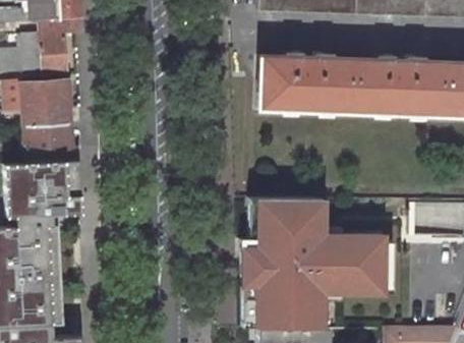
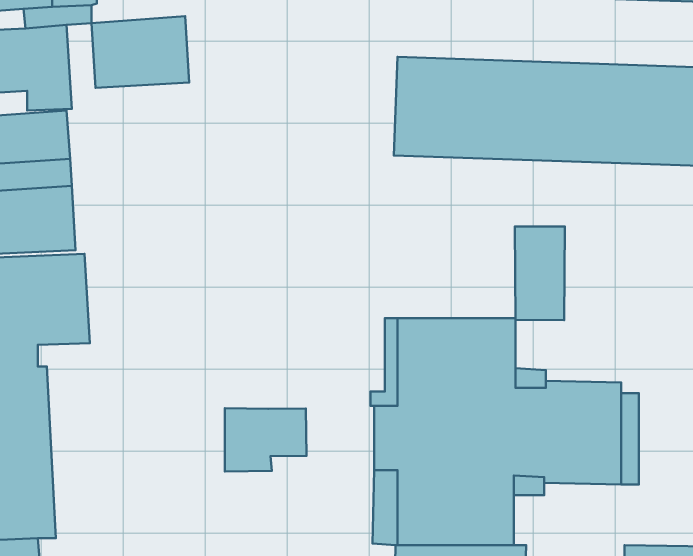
building: none -> [92,16,189,88]
building: none -> [515,226,565,320]
building: none -> [225,408,306,472]

